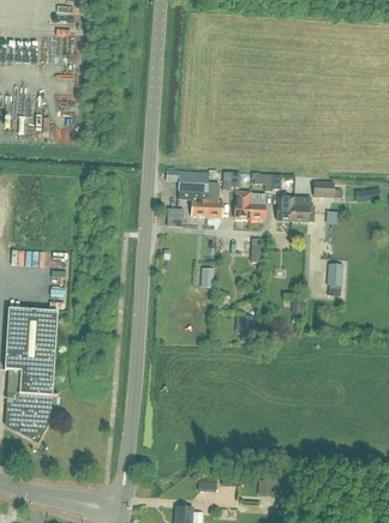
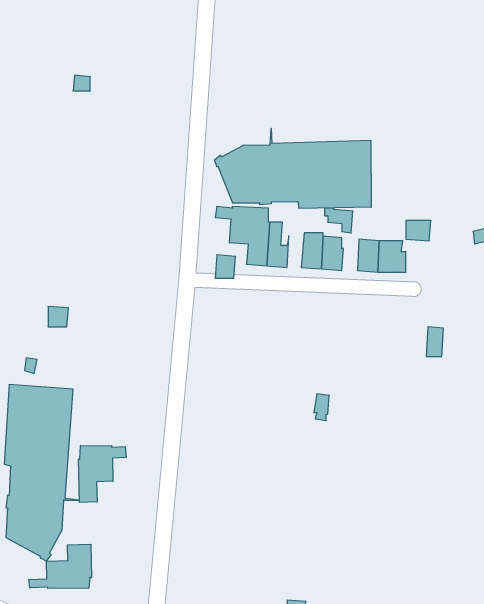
building: none -> [214,128,371,208]
building: none -> [78,445,126,502]
building: none -> [29,544,91,588]

